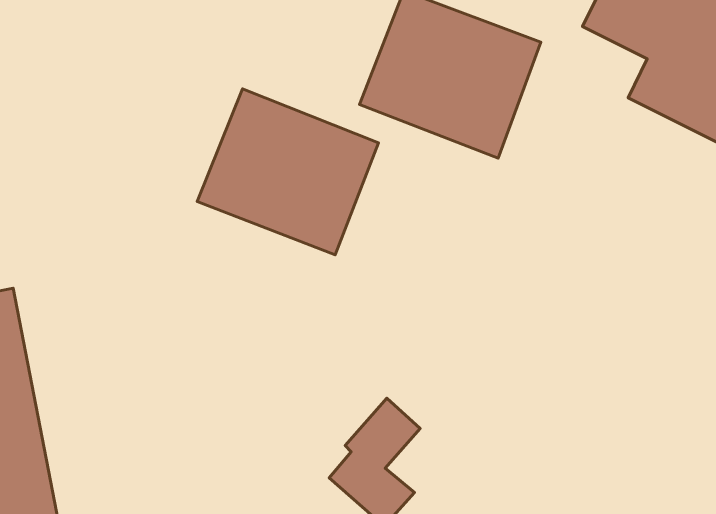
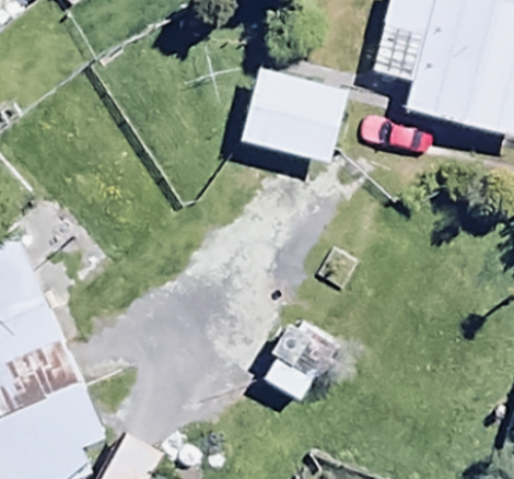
building: [197,89,378,255] -> none

